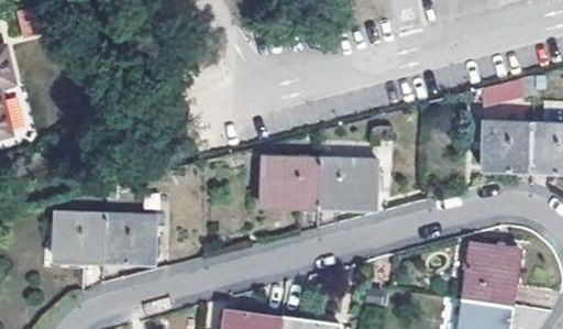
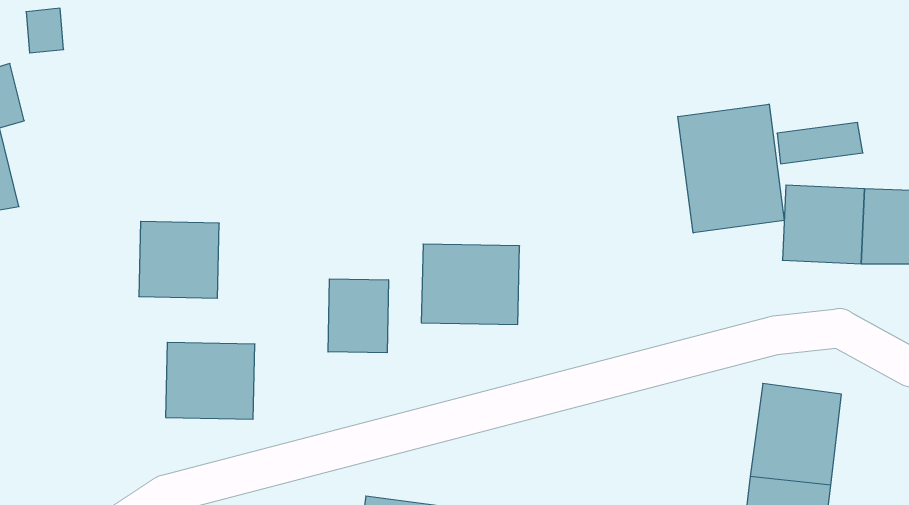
building: none -> [678,104,784,233]
building: [319,157,376,206] -> none
building: none -> [328,279,388,353]
building: [54,216,103,263] -> [139,221,219,298]

